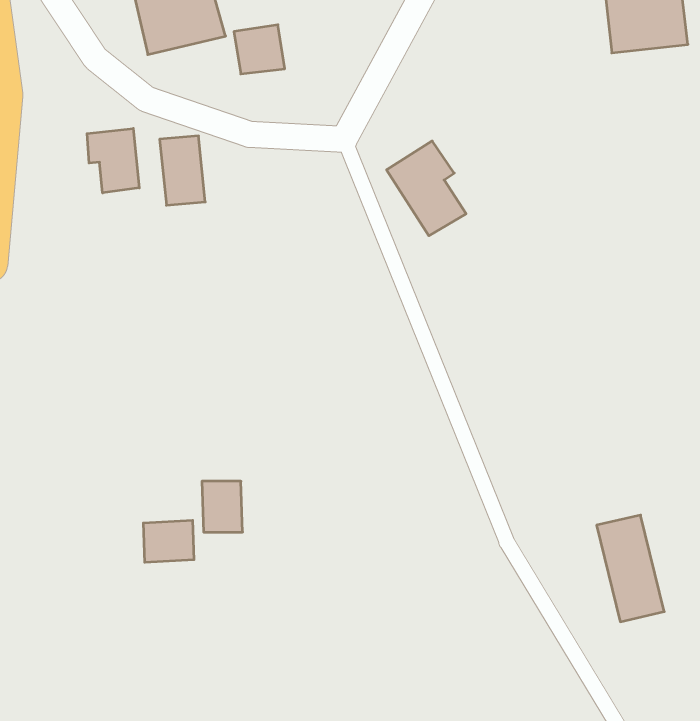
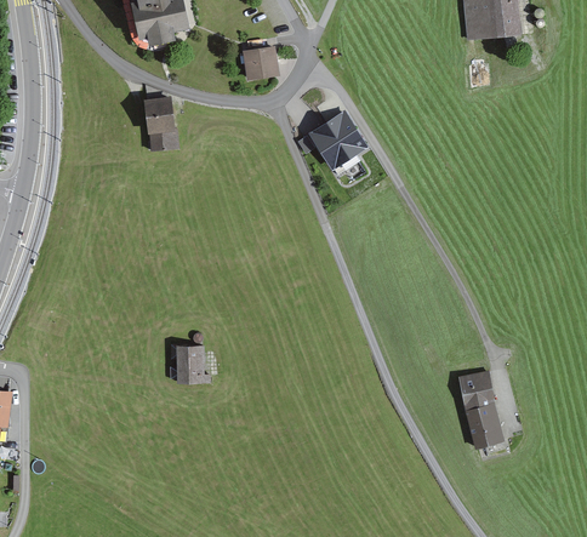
building: [234,25,285,74] -> [241,45,278,80]
building: [87,128,139,193] -> none
building: [143,520,194,562] -> none

